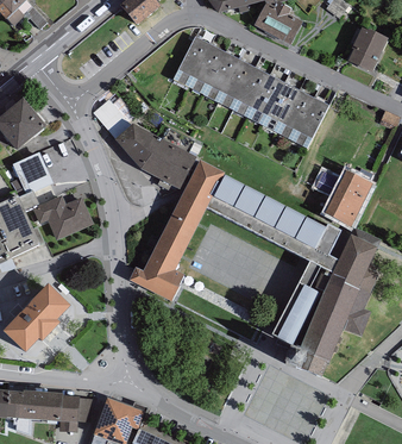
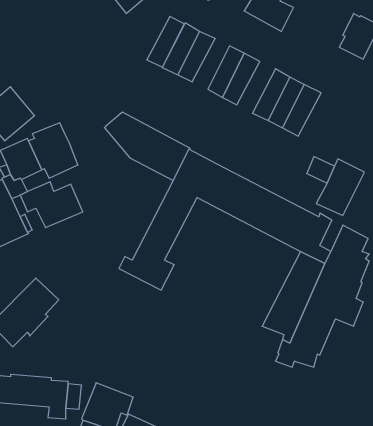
building: [202,52,239,102] -> [147,16,184,67]
building: [246,75,284,126] -> none
building: [93,98,132,139] -> none

